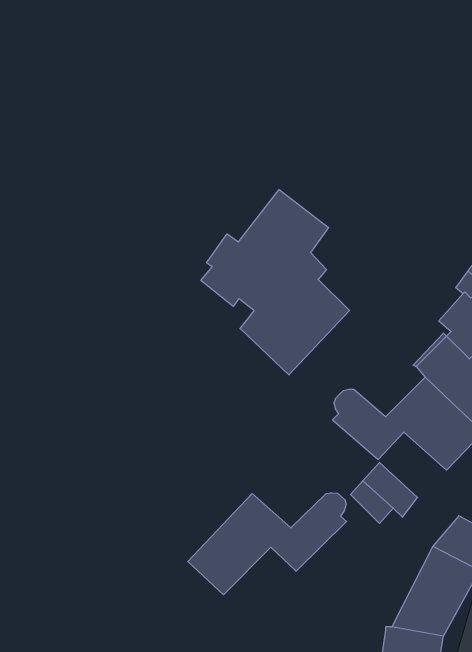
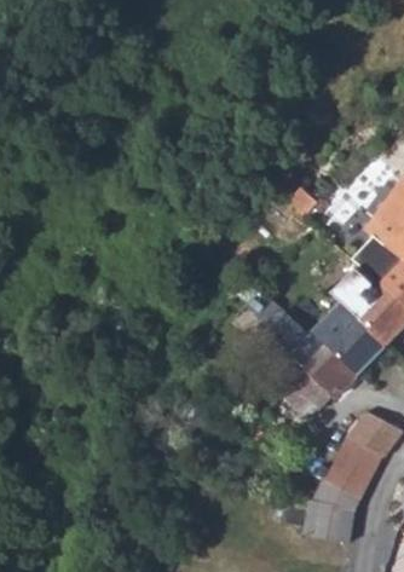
building: [201,190,350,375] -> none
building: none -> [302,345,357,397]
building: [188,493,347,595] -> none

